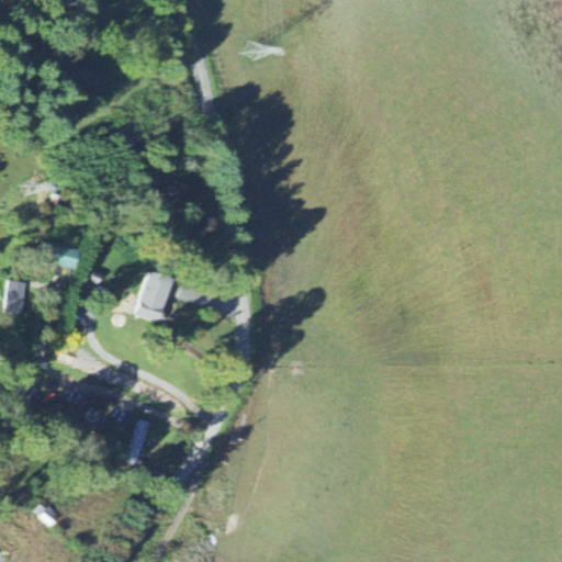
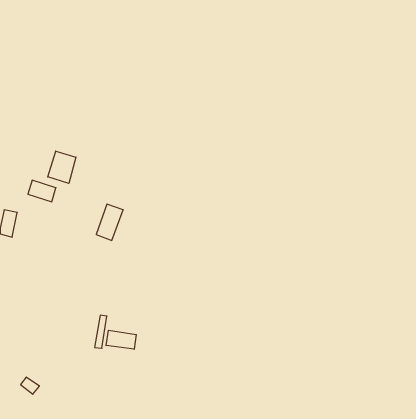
building: none -> [48,151,76,183]
building: none -> [106,330,136,349]

